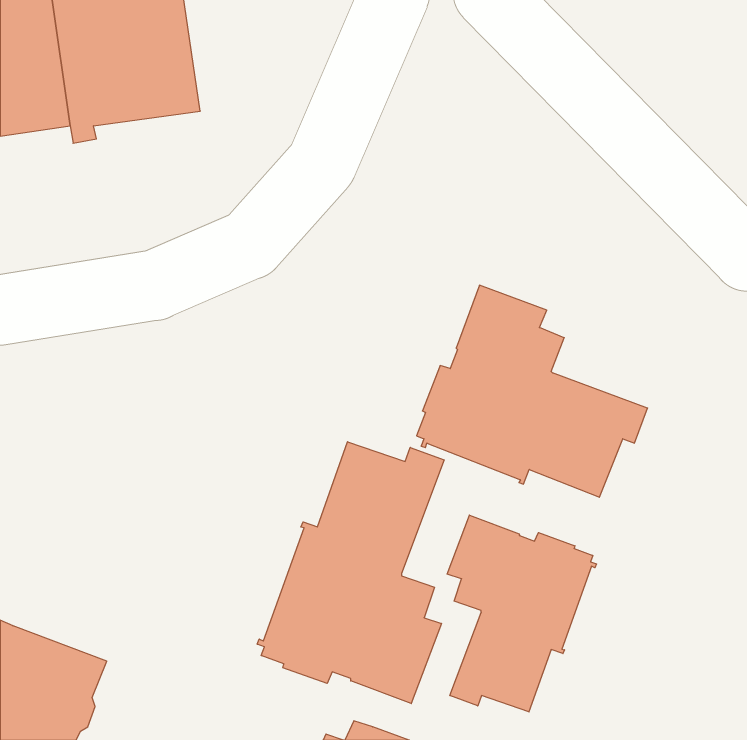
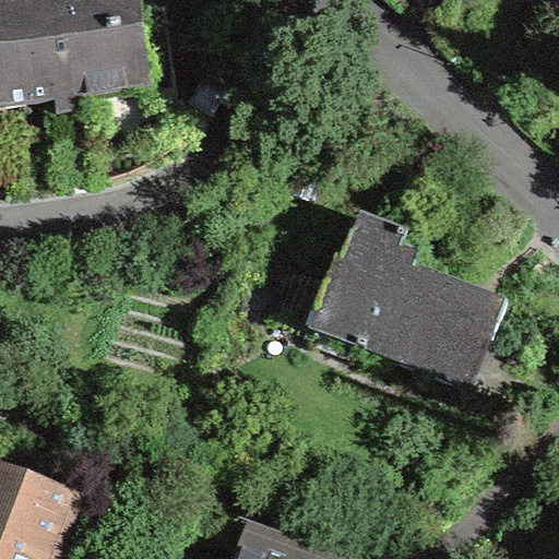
building: [257,442,444,704] -> none
building: [447,515,596,712] -> none

